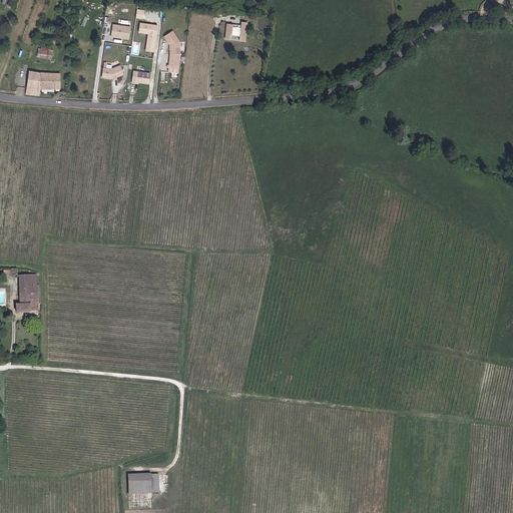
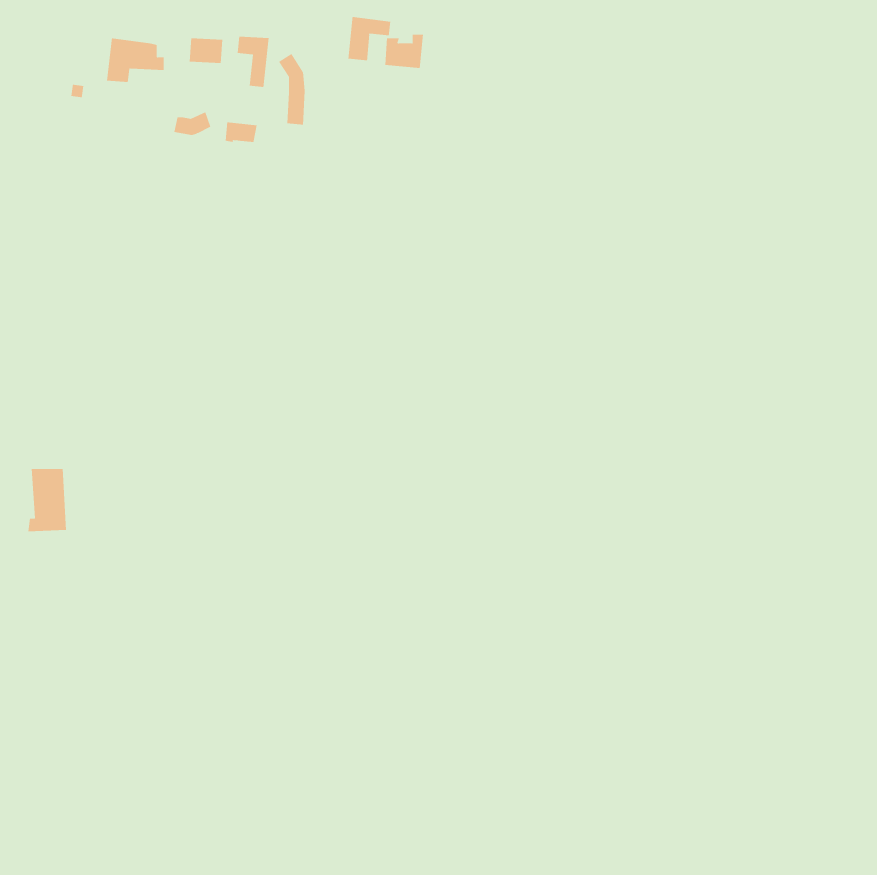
building: none -> [348,16,391,61]
building: [26,69,60,95] -> [106,38,164,83]
building: [128,473,152,494] -> none

